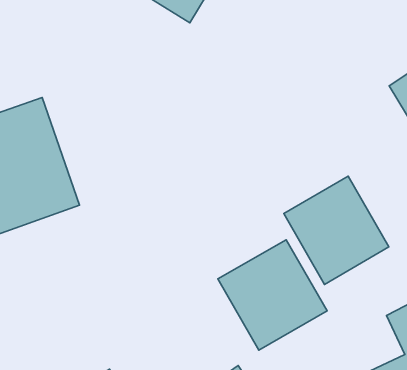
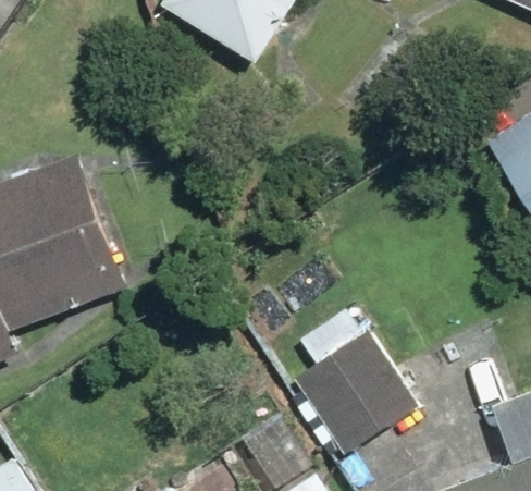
building: [284,176,389,284] -> none

